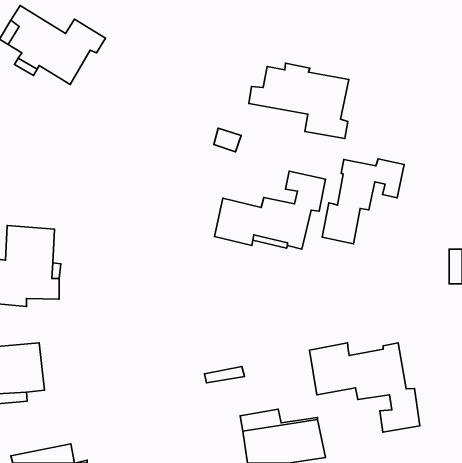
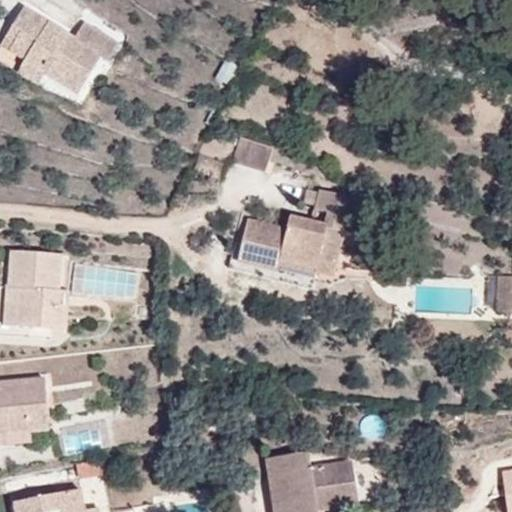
building: [249,63,349,139] -> none
building: [322,159,404,244] -> none
building: [310,343,420,432] -> none

